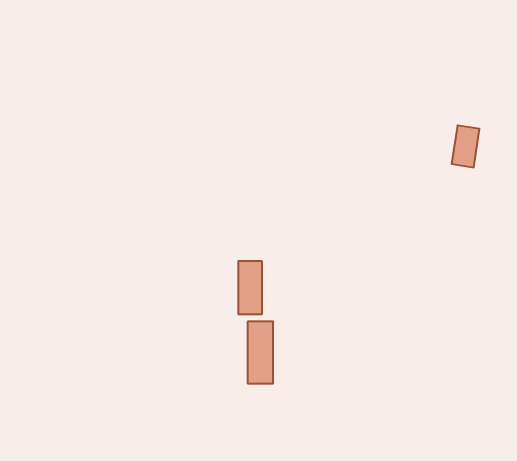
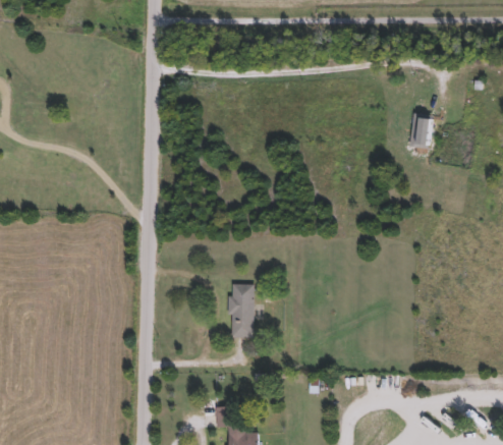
building: [238,261,262,314] -> none

